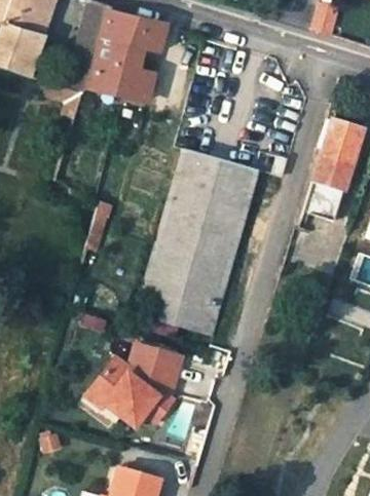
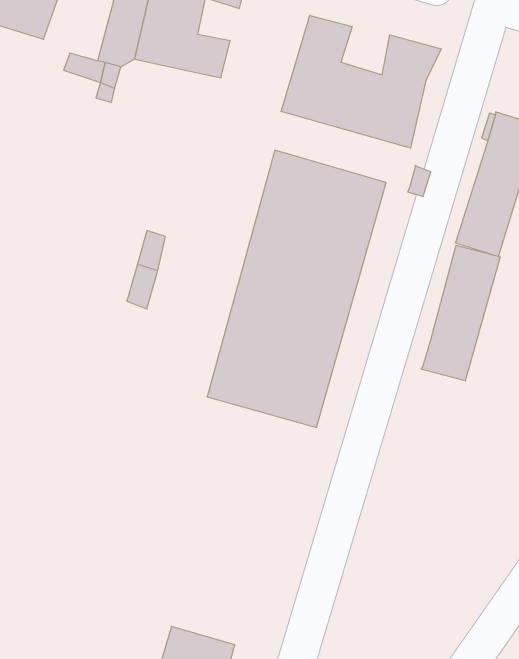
building: none -> [281,15,441,148]
building: none -> [421,245,500,381]
building: [94,349,180,430] -> none

